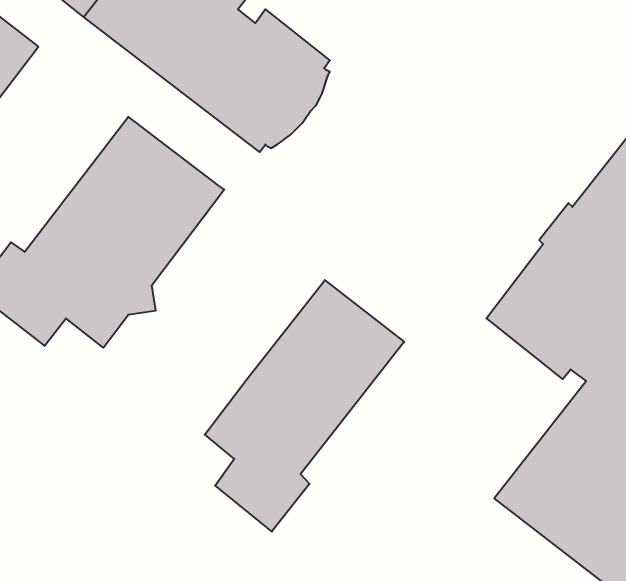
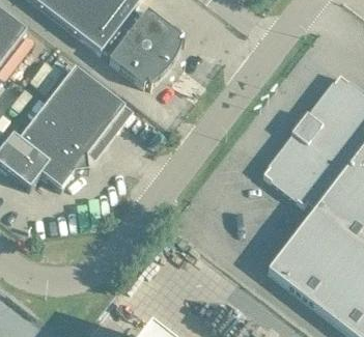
building: [205,280,404,532] -> none

